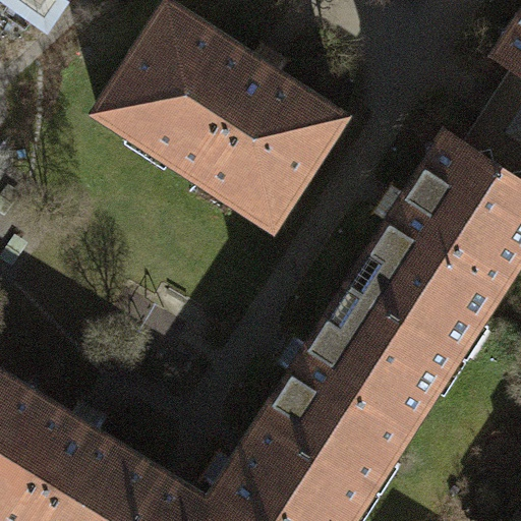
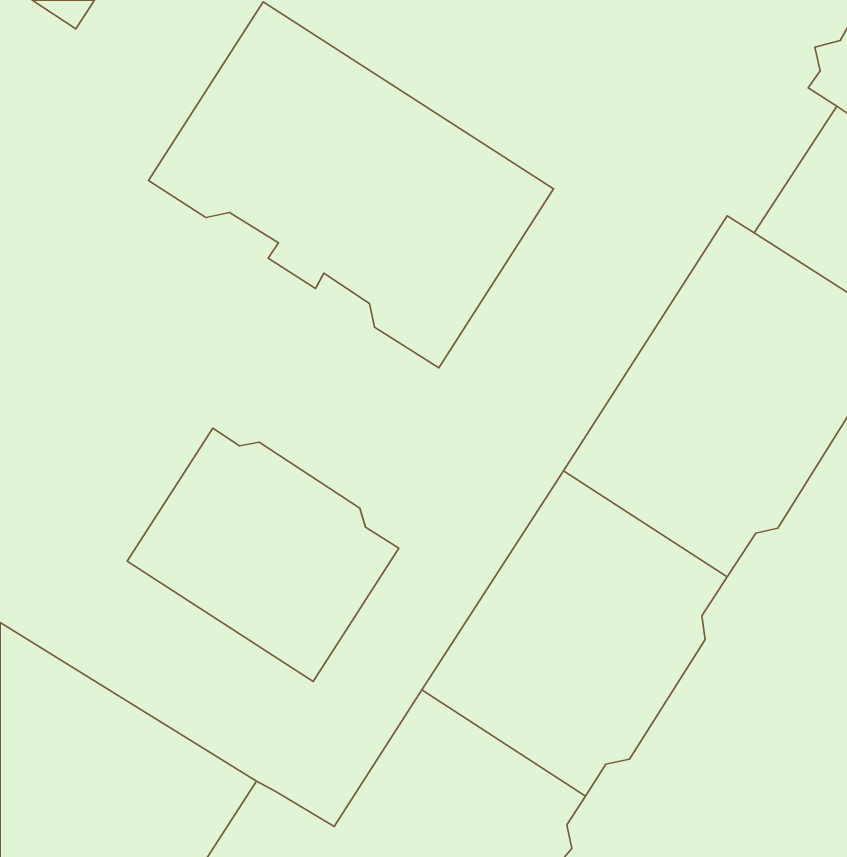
building: none -> [127,428,399,681]

